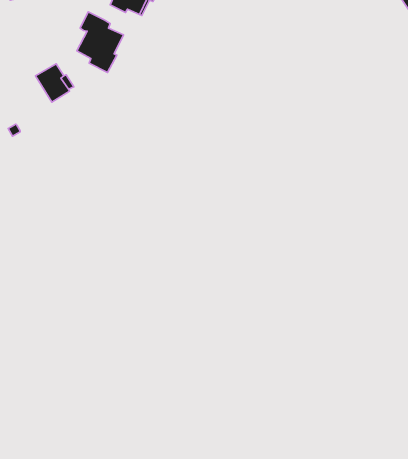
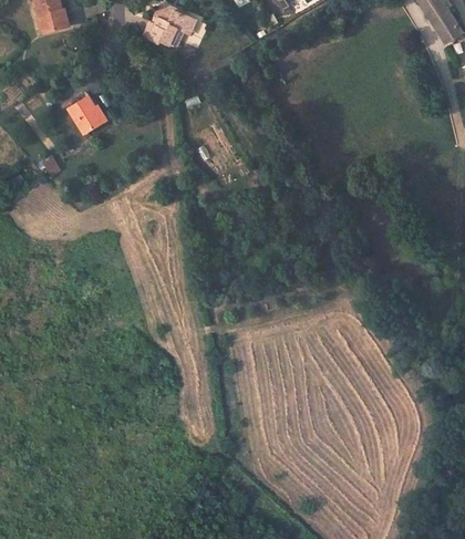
building: [77,12,124,72] -> none

